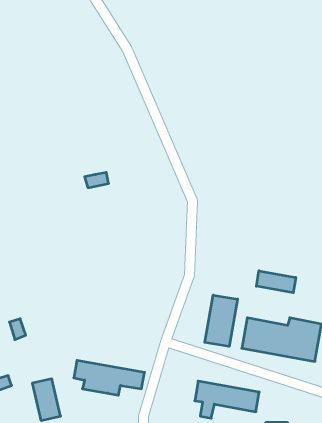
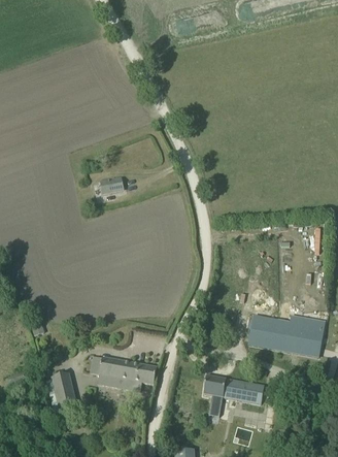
building: [256,271,296,293] -> none
building: [205,295,238,346] -> none

